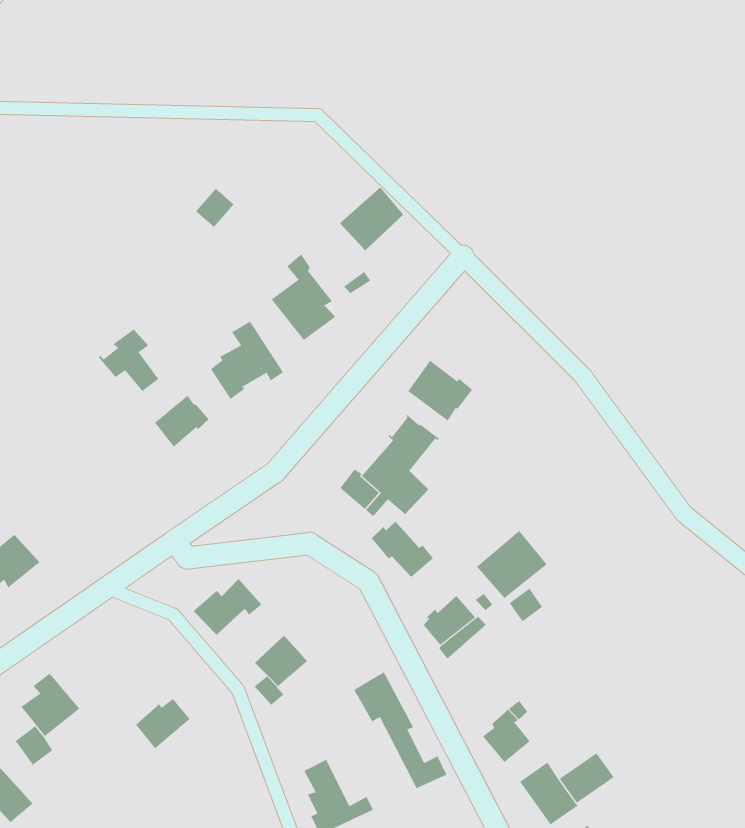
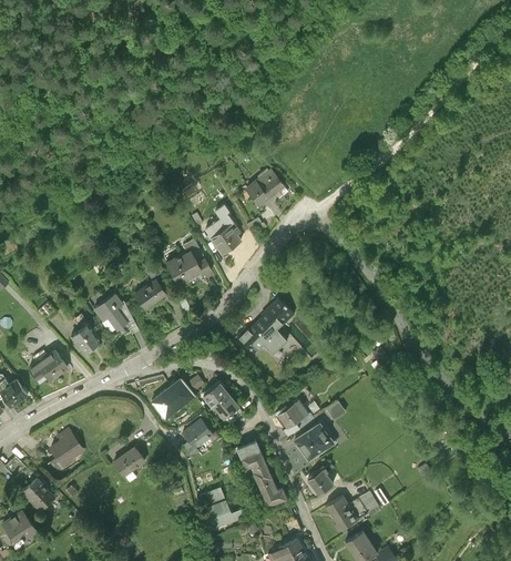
building: [98,329,159,392] -> [93,293,126,328]
building: [408,360,473,421] -> none
building: none -> [71,322,100,351]
building: [371,521,434,578] -> [203,385,237,417]
building: [476,530,548,599] -> [293,422,333,460]

